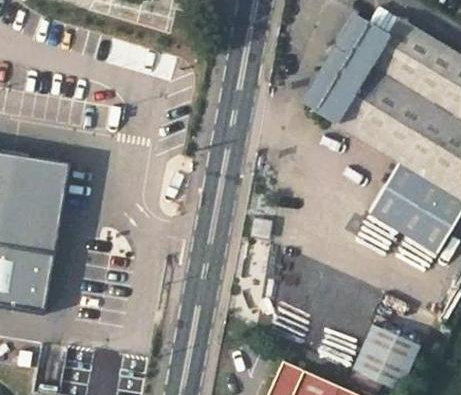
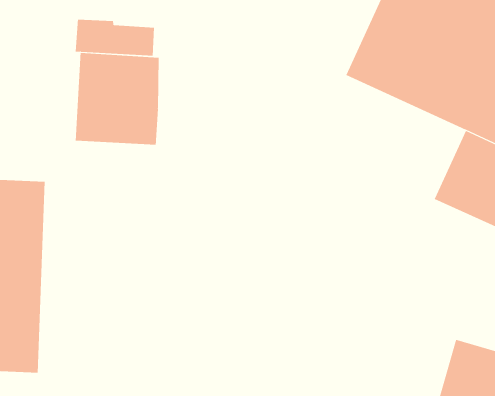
building: none -> [75,52,159,145]

